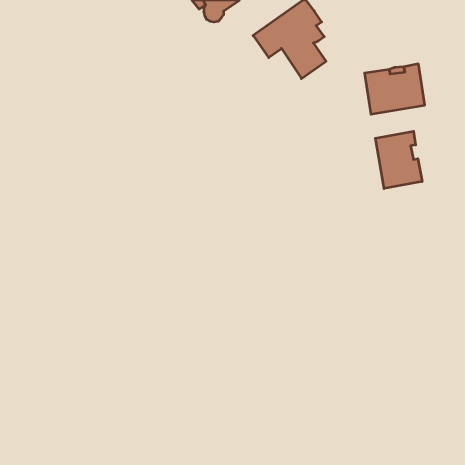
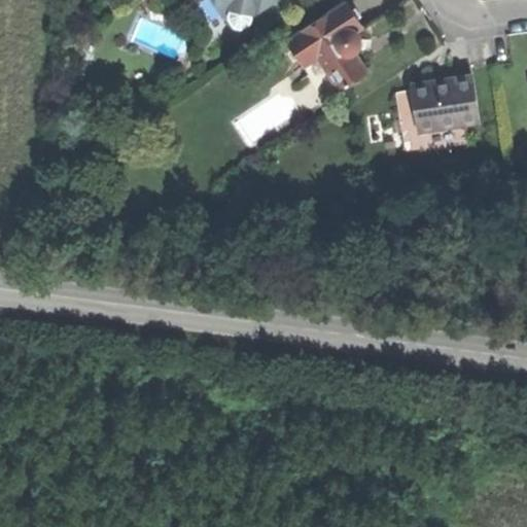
building: [375,131,422,189] -> none

